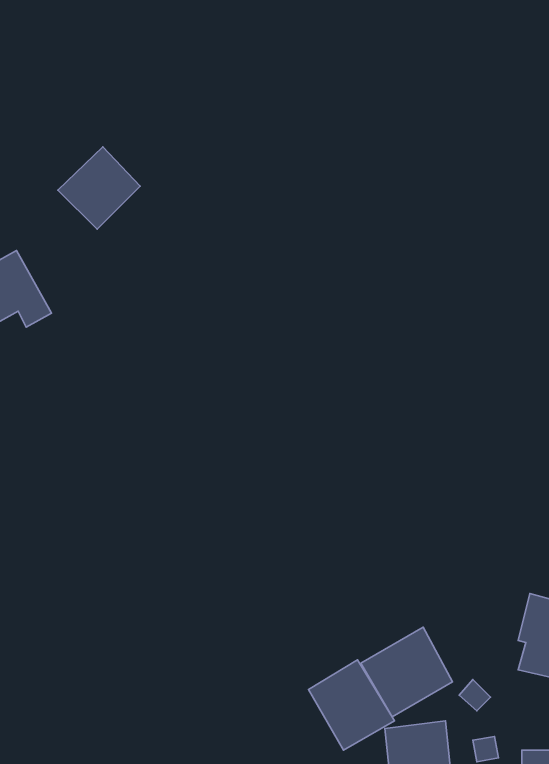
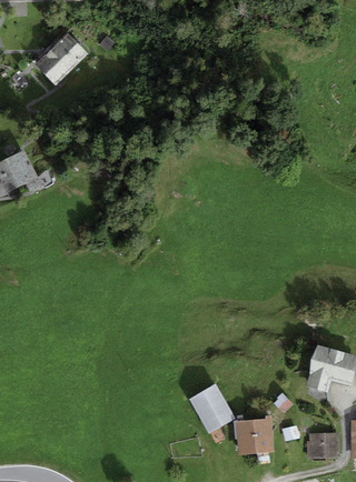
building: [58,147,140,229] -> [39,39,86,86]
building: [361,627,452,717] -> none

